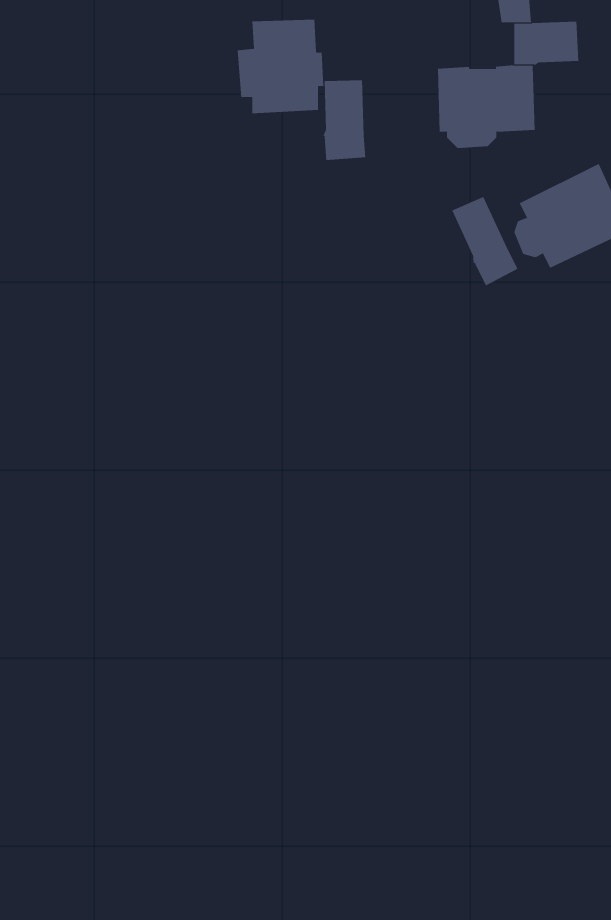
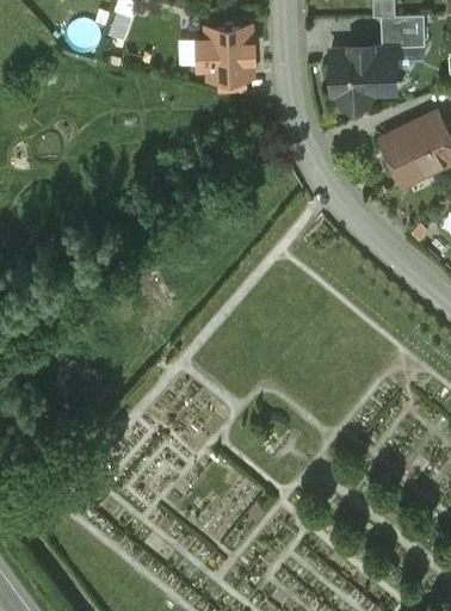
building: [322,80,366,161] -> none
building: [451,196,518,286] -> none

